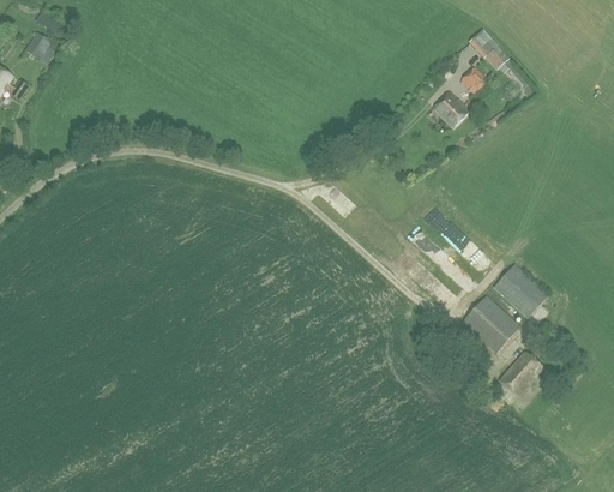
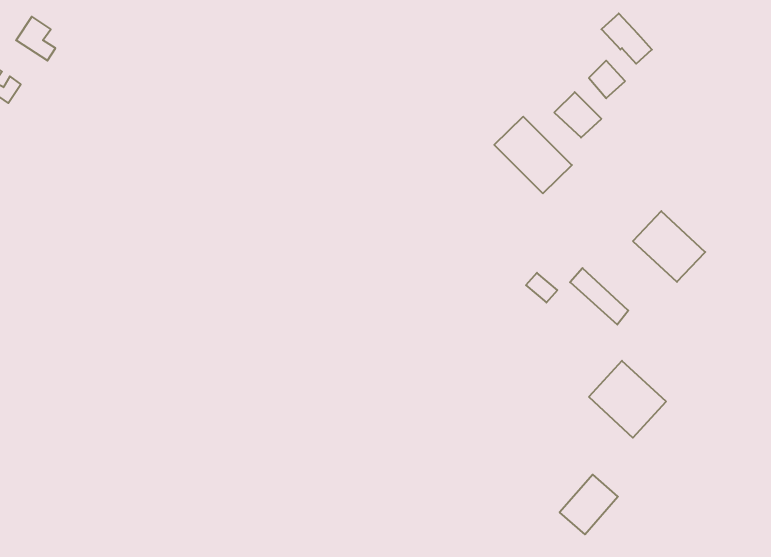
building: none -> [494,117,572,193]
building: [492,264,547,318] -> [633,211,705,282]
building: [498,350,542,396] -> [560,475,618,534]

